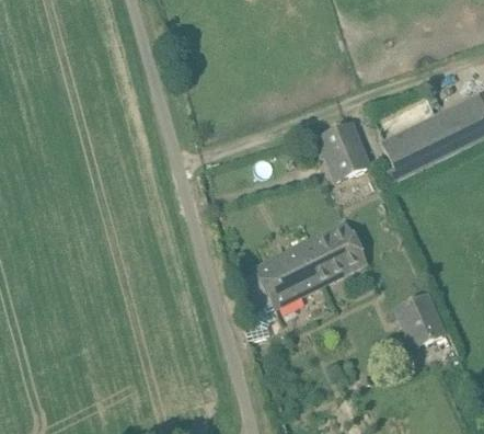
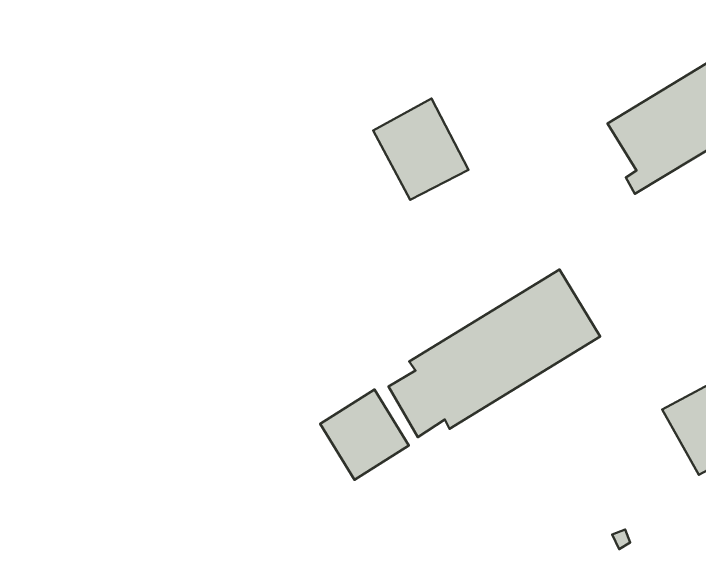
building: [320,122,372,179] -> [373,99,469,200]
building: none -> [320,389,409,480]

